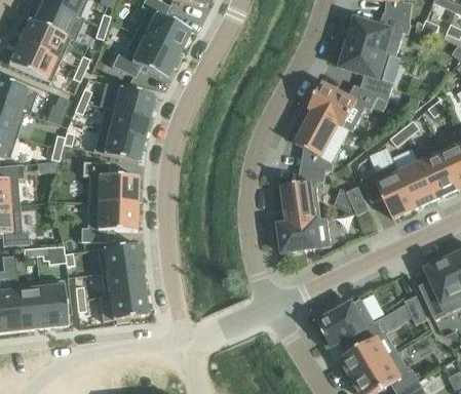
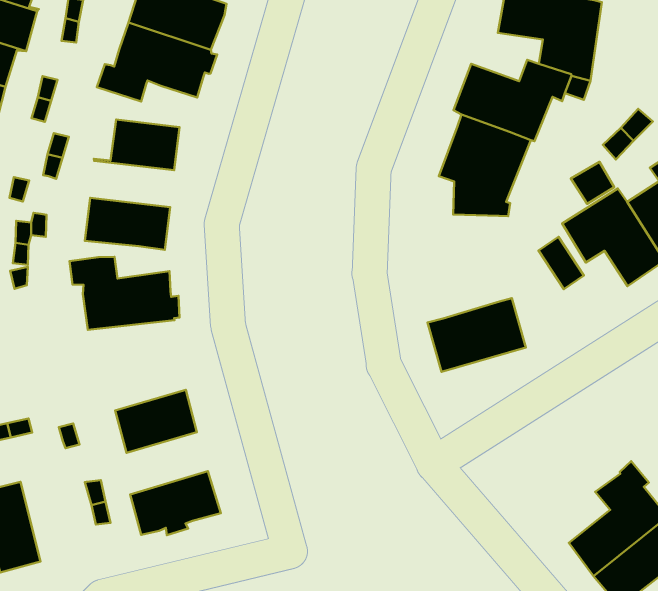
building: [100,107,149,139] -> none
building: [283,164,328,222] -> none
building: [81,201,138,242] -> none
building: [100,267,145,297] -> none
building: [39,279,69,327] -> none
building: [318,297,376,346] -> none

